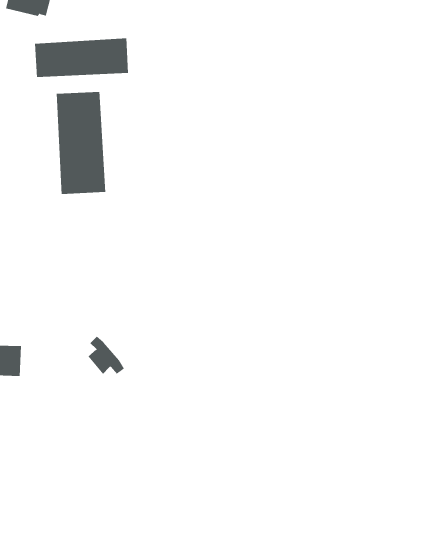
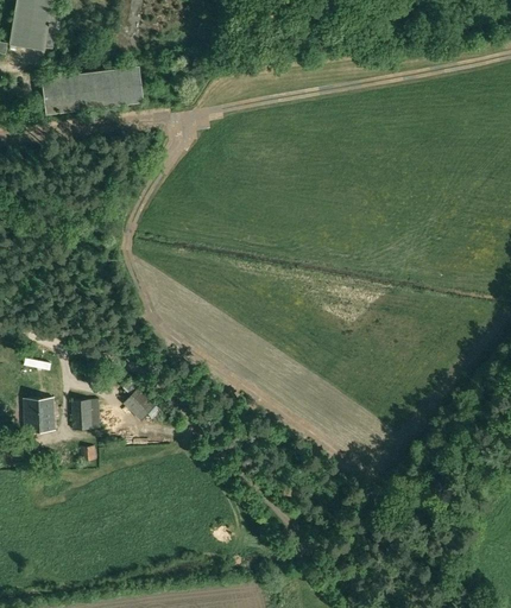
building: [56,91,106,195] -> none
building: none -> [71,400,100,430]

